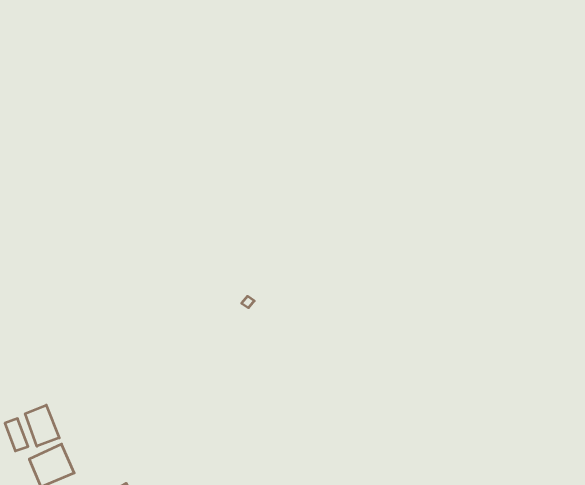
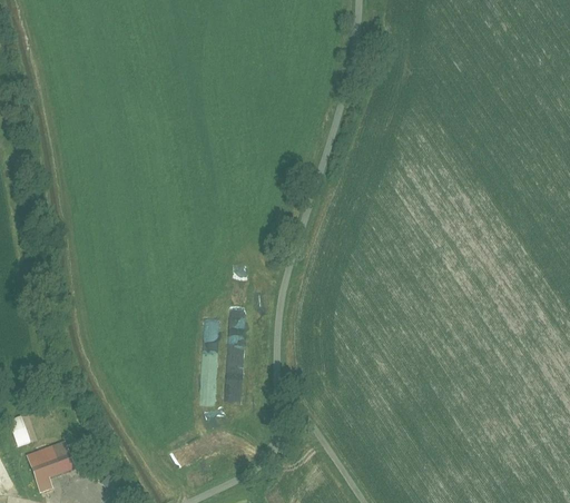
building: [25,405,59,446] -> none

